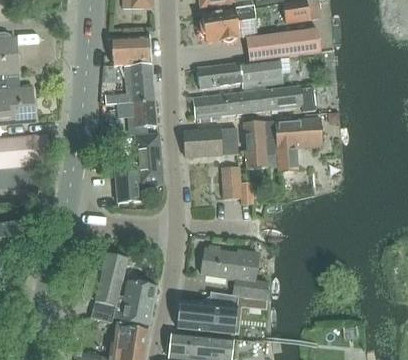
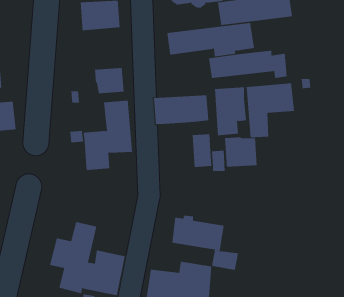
building: [105,63,153,104] -> none
building: [193,92,240,118] -> none
building: none -> [225,137,257,168]

